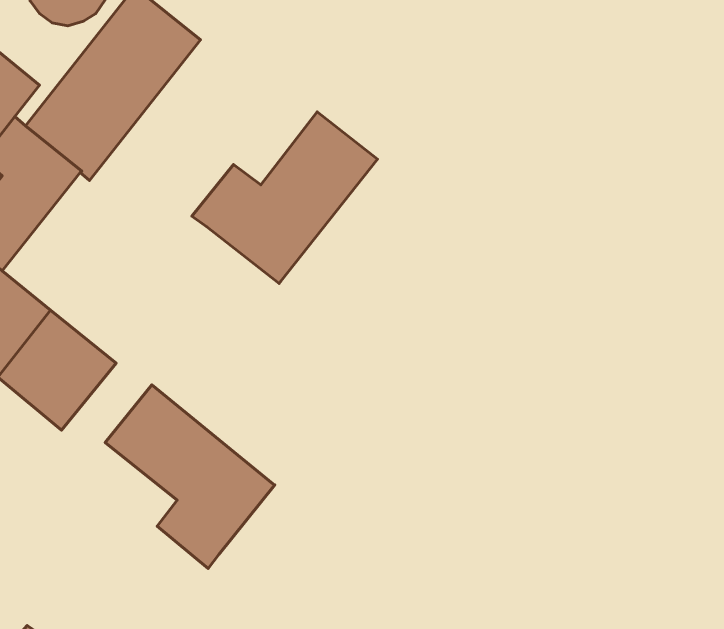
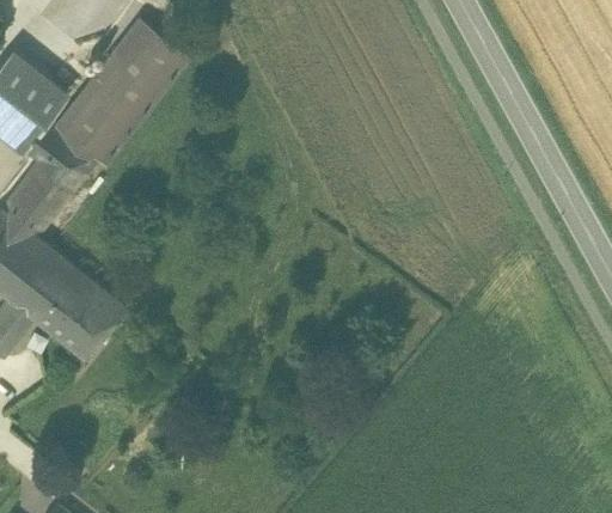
building: [192,112,377,284] -> none
building: [105,385,275,569] -> none

